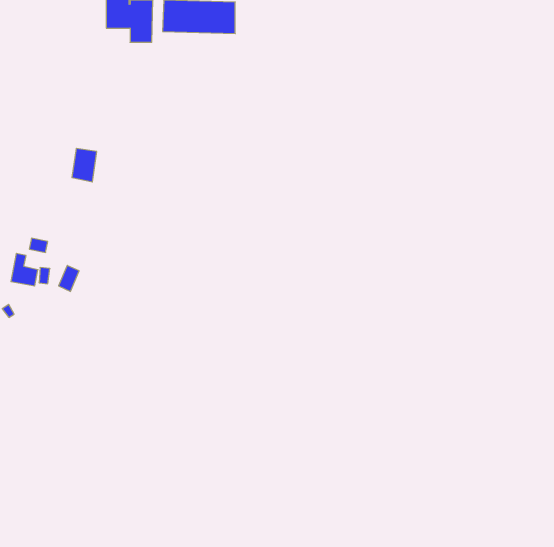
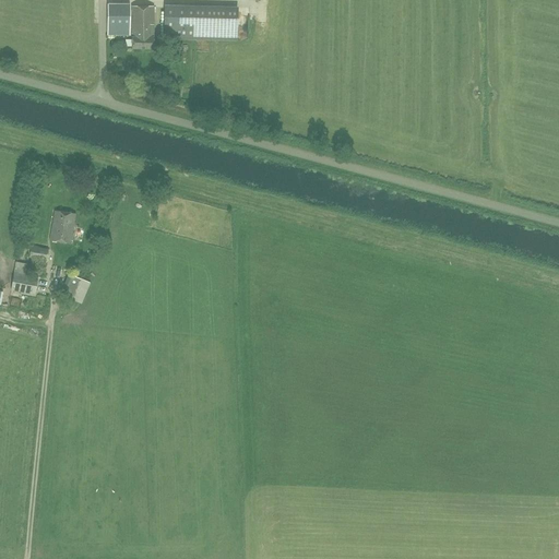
building: [72,148,97,182] -> [50,204,75,238]

